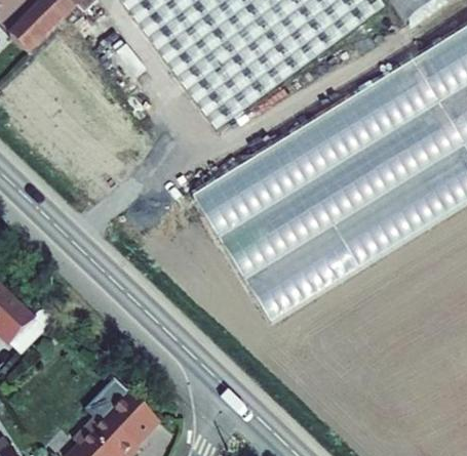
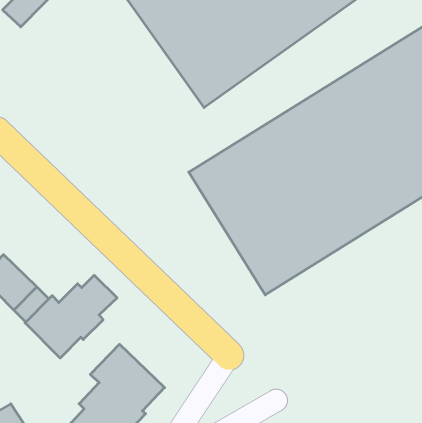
building: none -> [25,275,117,358]

